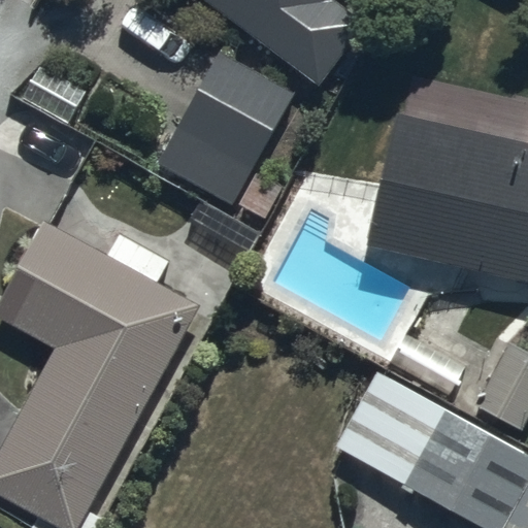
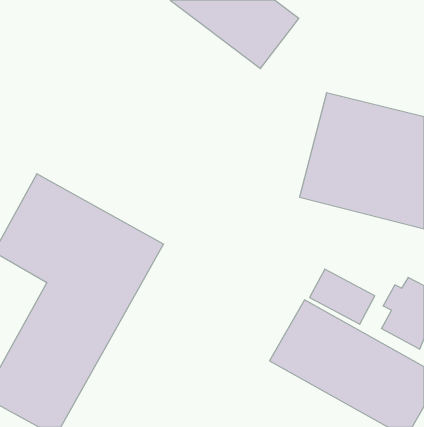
building: [158,51,296,206] -> none

